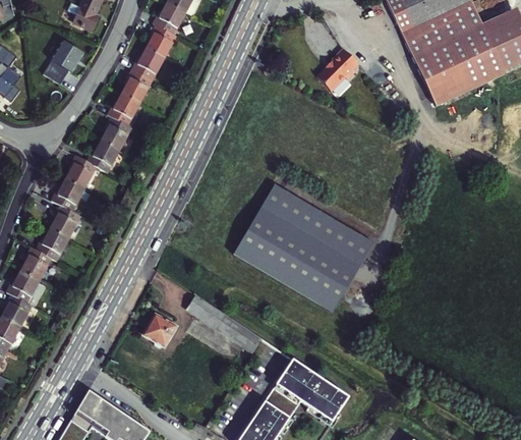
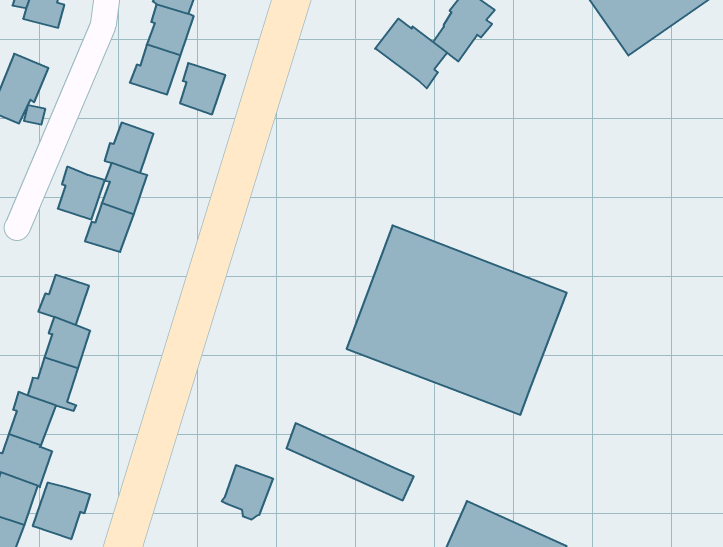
building: none -> [375,19,447,88]
building: [121,69,152,103] -> [180,63,225,114]
building: [65,154,97,188] -> [58,167,105,220]
building: none -> [33,482,90,539]

